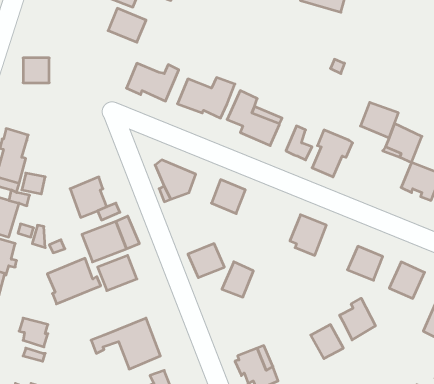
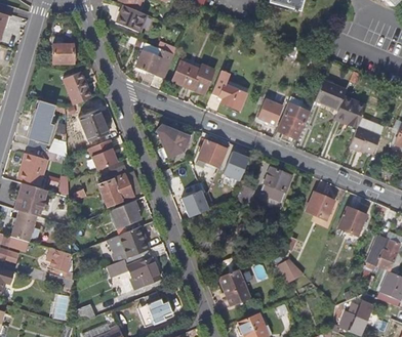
building: none -> [63,74,91,107]
building: none -> [79,111,108,143]
building: [47,258,101,304] -> [108,227,150,263]
building: [222,262,253,297] -> [224,152,248,179]
building: [340,298,375,340] -> none

